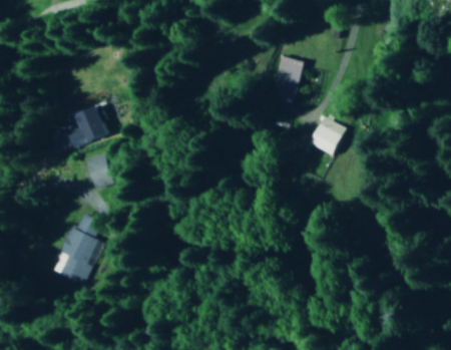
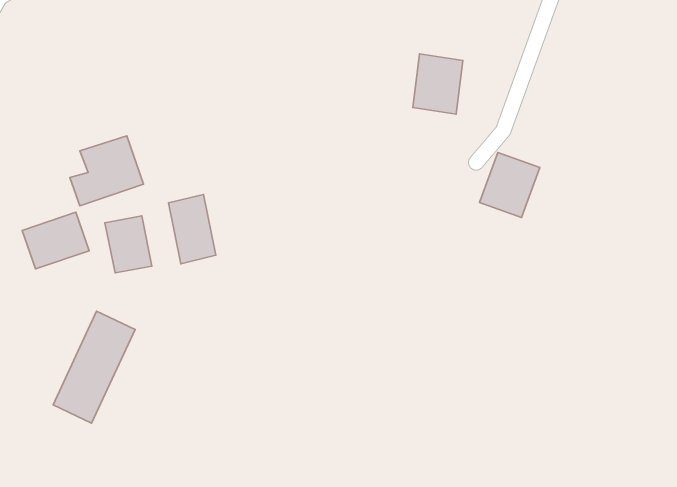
building: none -> [169,194,216,264]
building: none -> [22,212,89,269]

